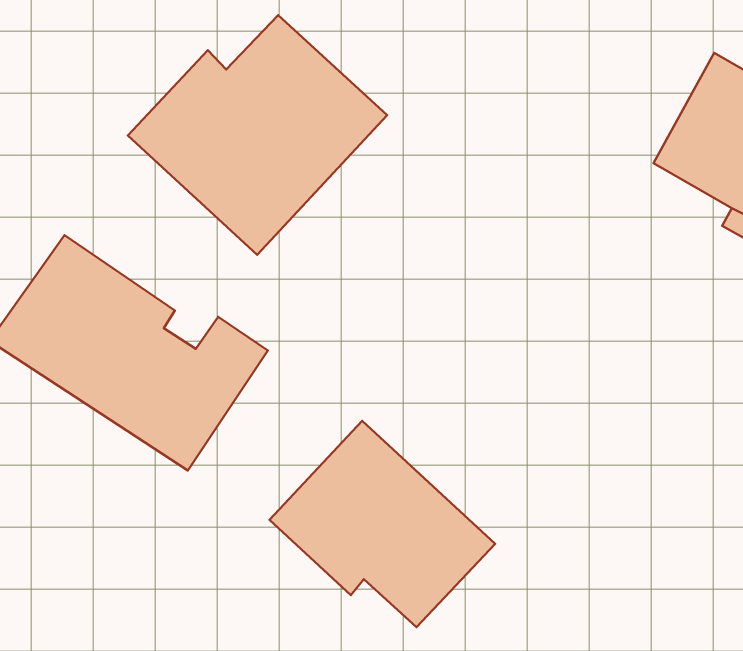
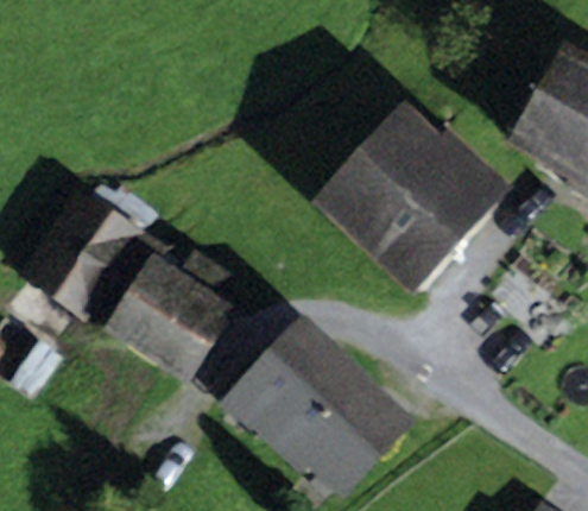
building: [128,15,387,255] -> none
building: none -> [323,121,488,286]

